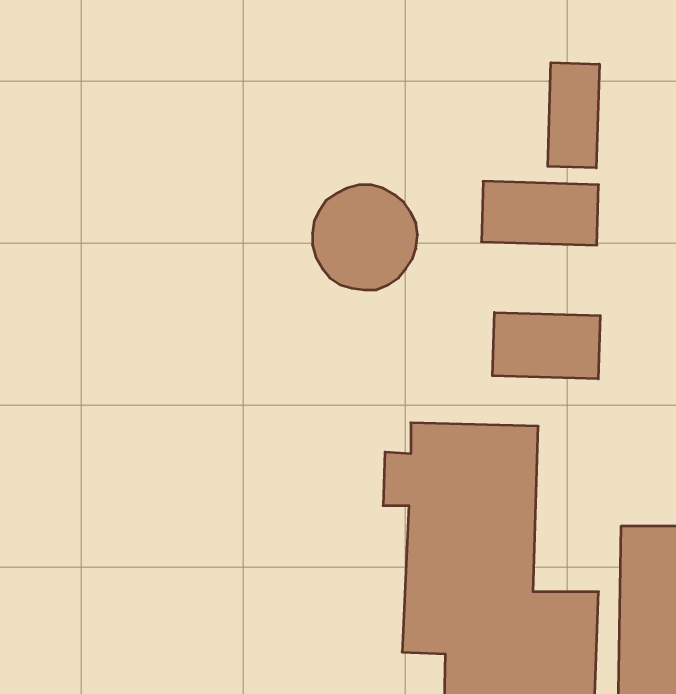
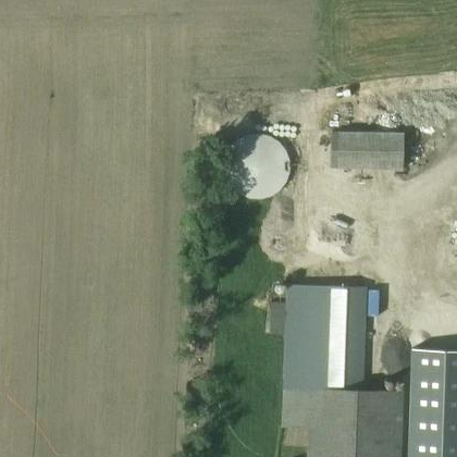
building: [548,63,599,168] -> none
building: [492,312,600,379] -> none

